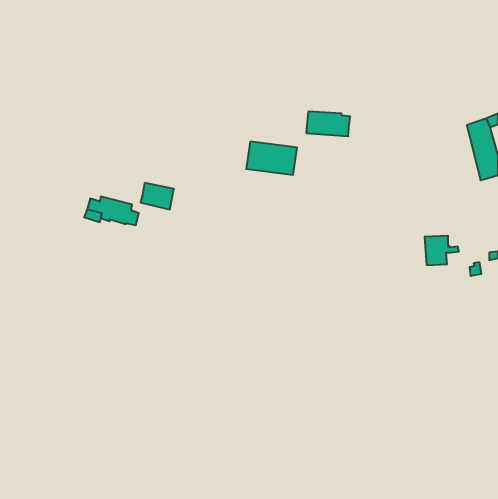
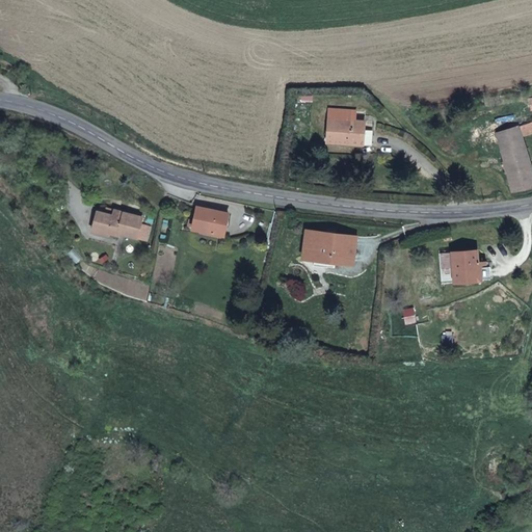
building: [246,142,297,175] -> [301,230,355,265]
building: [141,183,174,209] -> [191,207,227,235]

